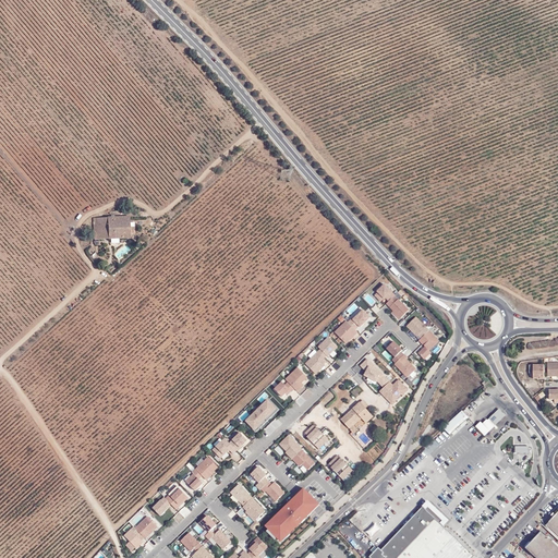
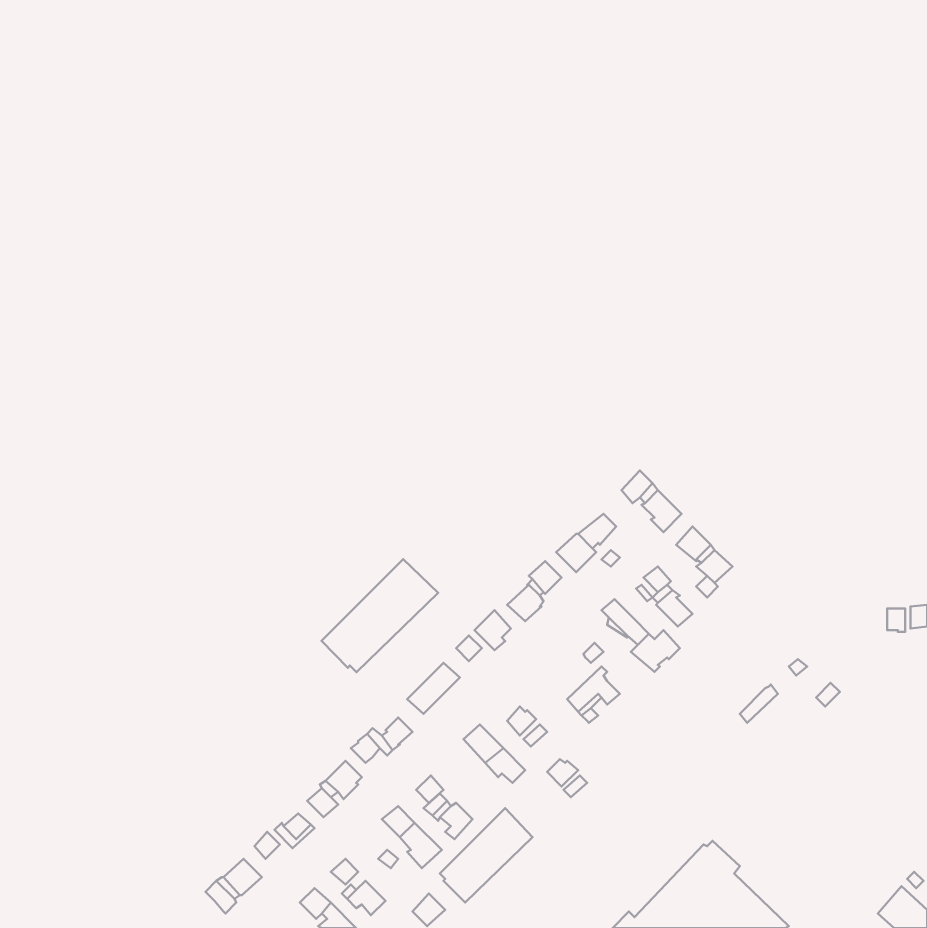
building: [96,217,134,239] -> none
building: none -> [322,559,438,672]

